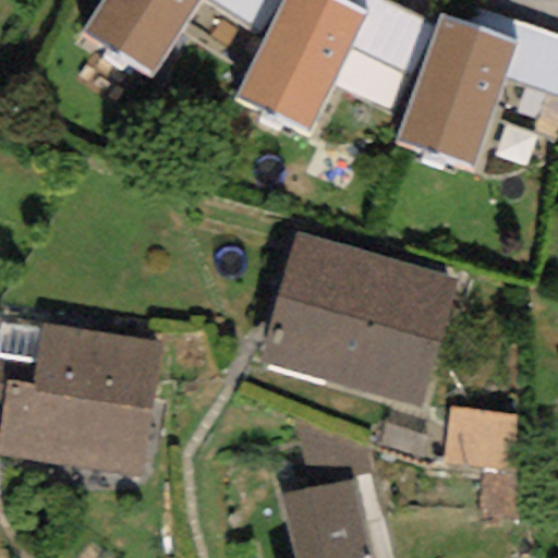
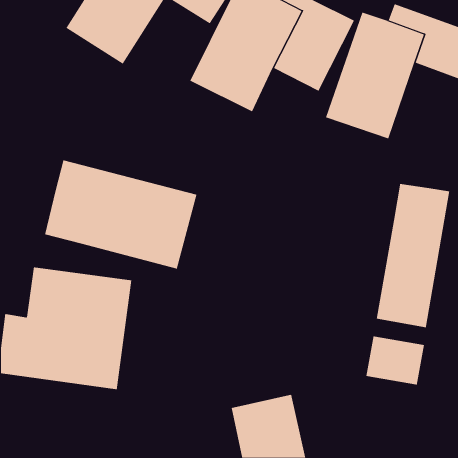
building: none -> [44,159,197,270]
building: none -> [376,183,450,328]
building: [260,232,458,405] -> none

